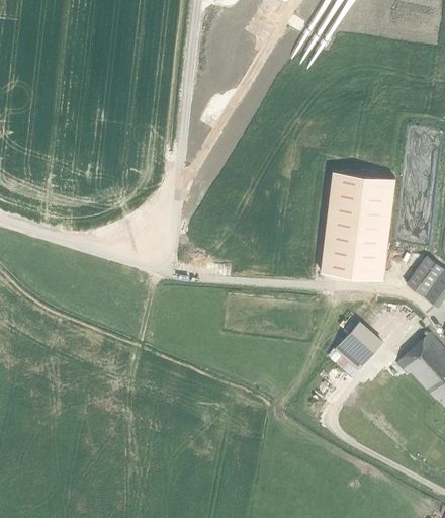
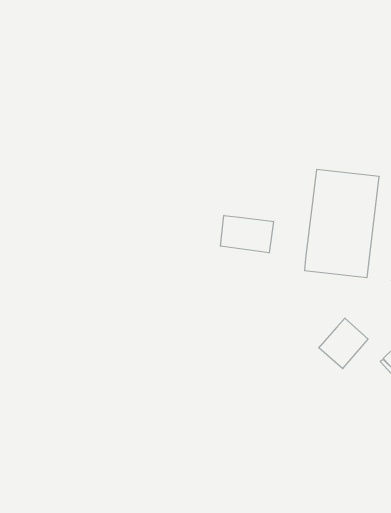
building: none -> [221,215,273,253]

